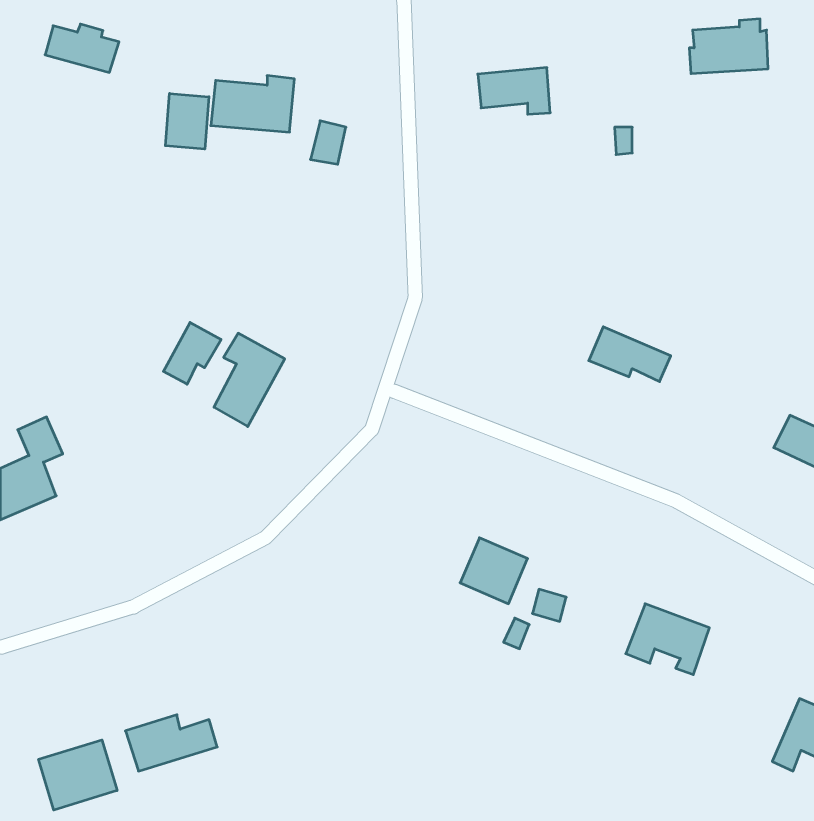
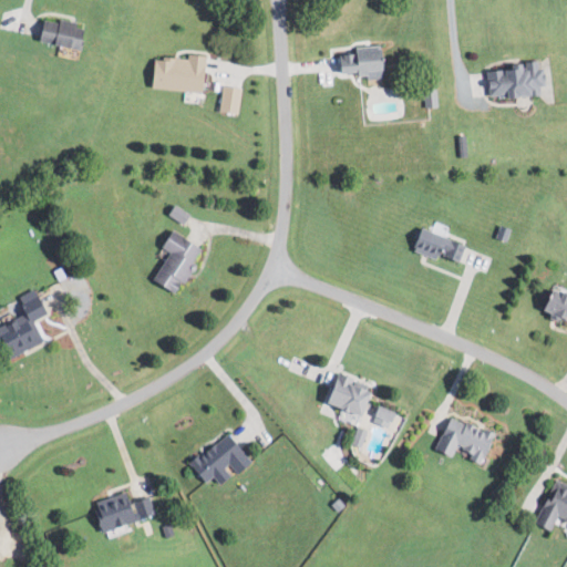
building: [689,19,768,74] -> [488,60,543,97]
building: [165,93,209,149] -> none
building: [163,322,221,384] -> none
building: none -> [188,433,251,484]
building: [39,740,117,810] -> none

